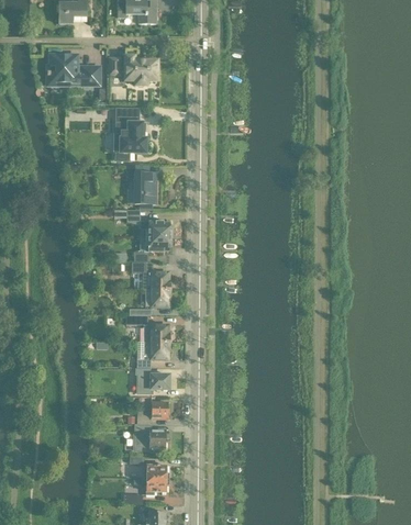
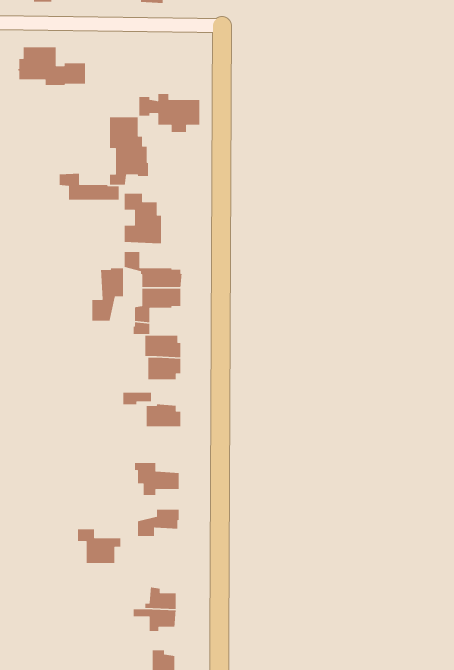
building: [109,55,155,85] -> [139,93,200,133]
building: none -> [59,173,119,200]
building: none -> [92,267,124,321]
building: [135,340,168,367] -> none
building: [134,423,167,449] -> [77,529,121,564]

